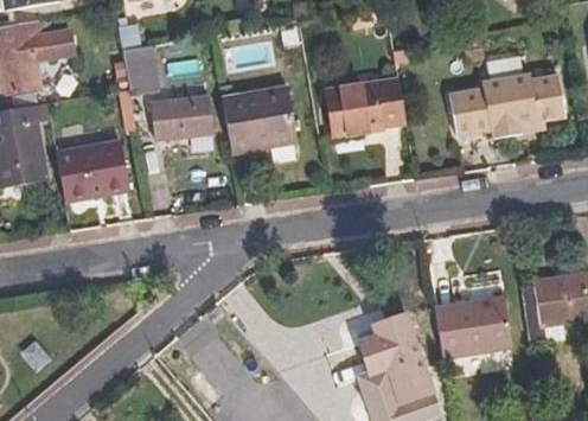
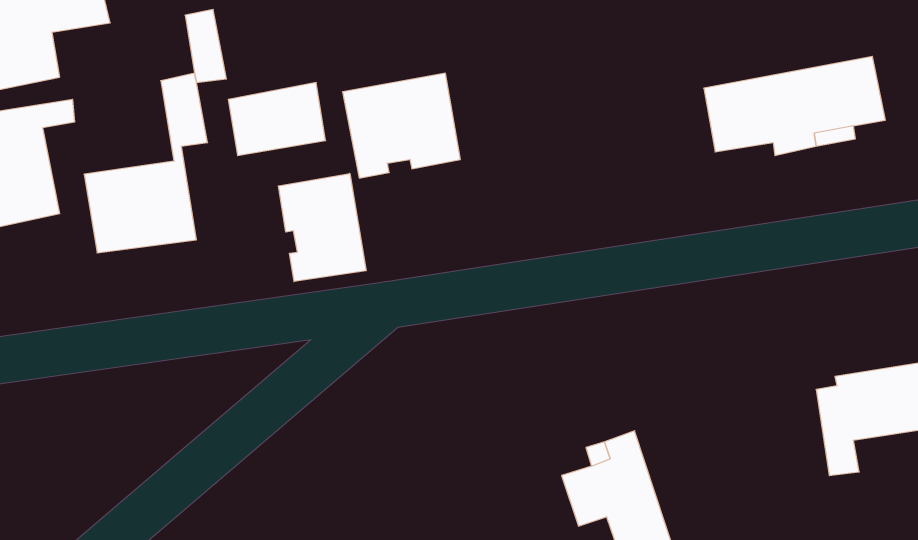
building: [327,79,407,136] -> none
building: none -> [278,173,366,282]
building: [436,296,511,353] -> none

